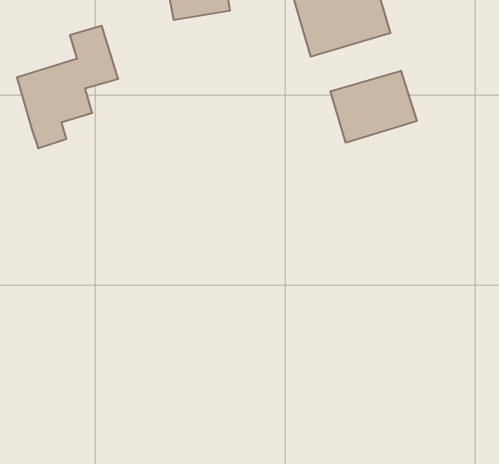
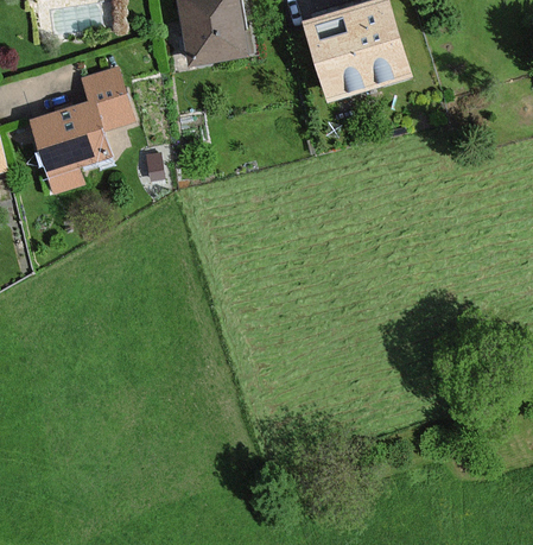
building: [331,71,417,143] -> none

